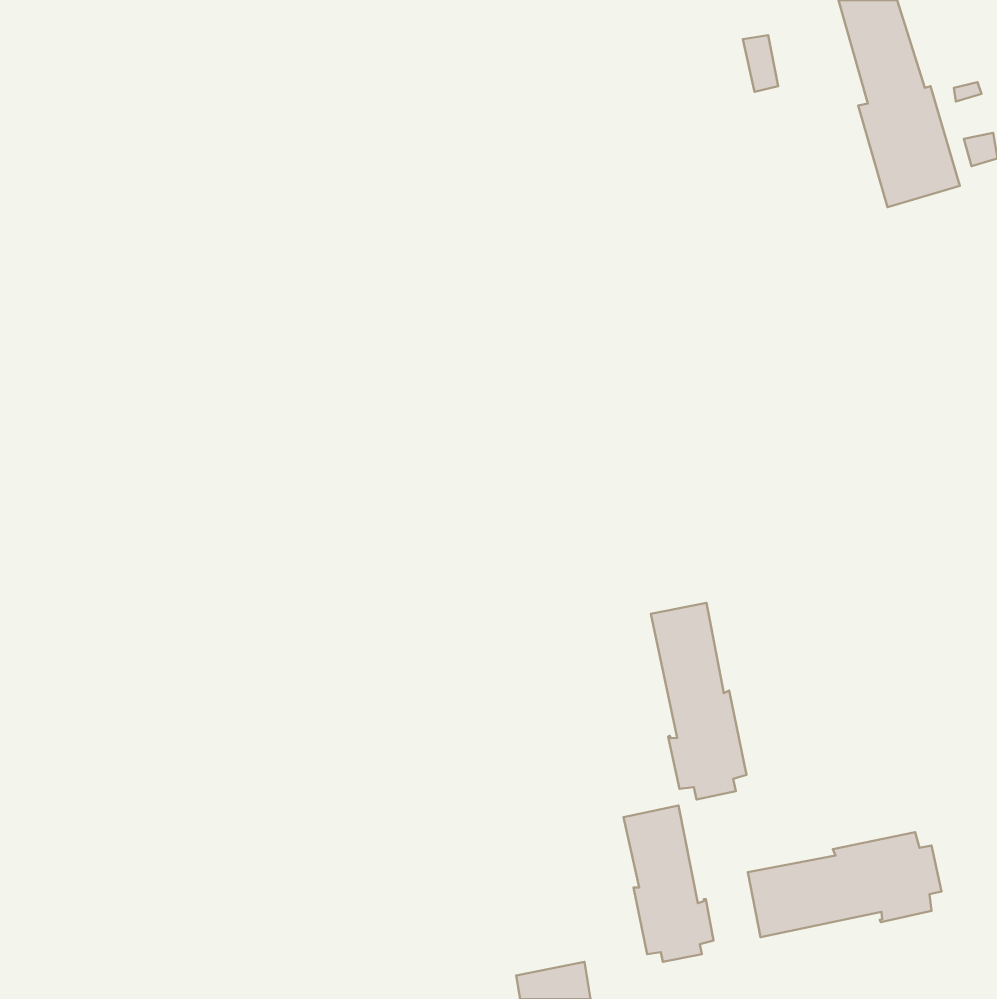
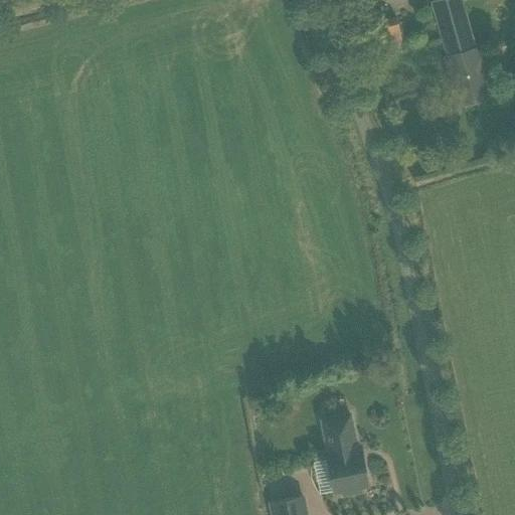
building: [651,603,747,800] -> none
building: [748,832,941,937] -> none

